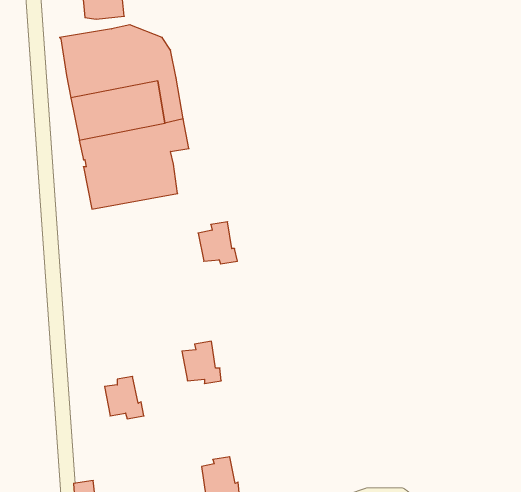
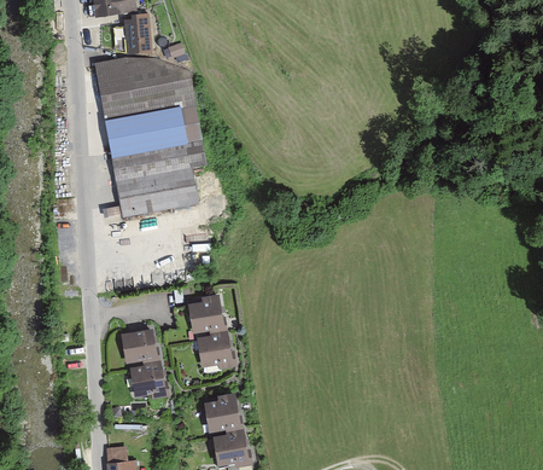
building: [198,222,237,264] -> [191,296,224,332]
building: none -> [124,331,157,362]
building: none -> [208,395,240,431]

